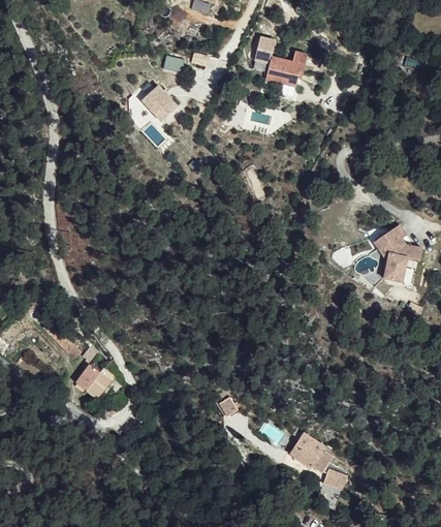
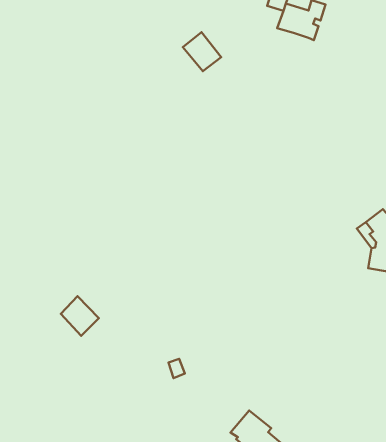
building: [139,89,176,124] -> [183,32,221,71]
building: [75,362,111,397] -> [61,296,99,336]

